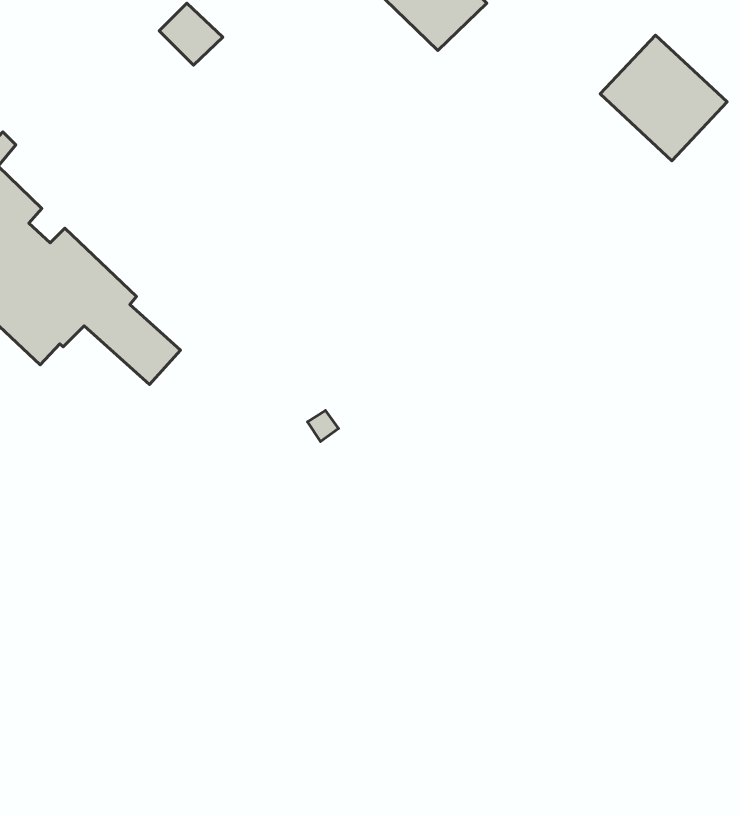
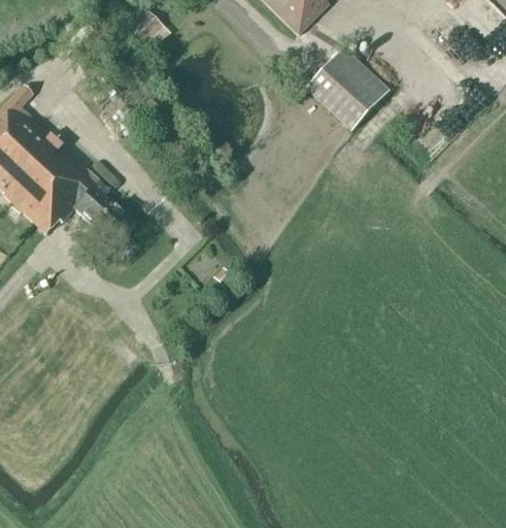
building: [600,35,727,161] -> [305,48,385,128]

